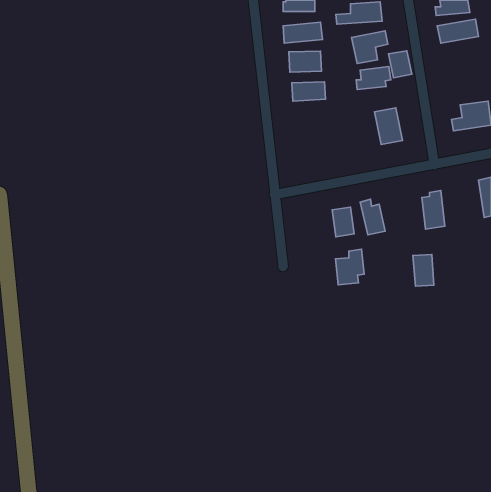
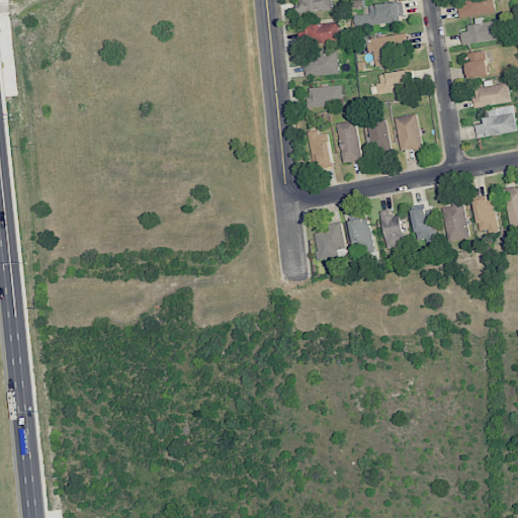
building: [389,51,412,78] -> [464,51,489,79]
building: none -> [472,82,510,107]
building: none -> [364,118,392,155]
building: none -> [338,121,360,163]
building: none -> [309,131,333,169]
building: none -> [472,198,498,233]
building: [335,249,364,285] -> [314,223,344,260]
building: [413,254,434,286] -> [412,208,434,242]

